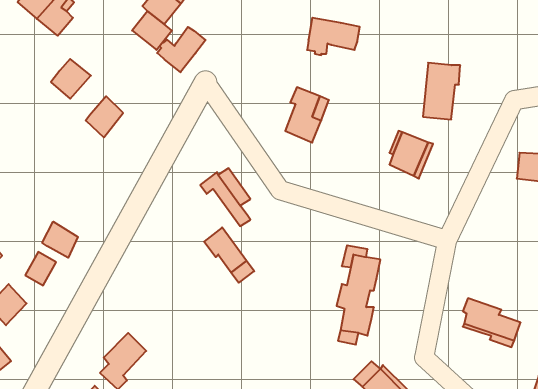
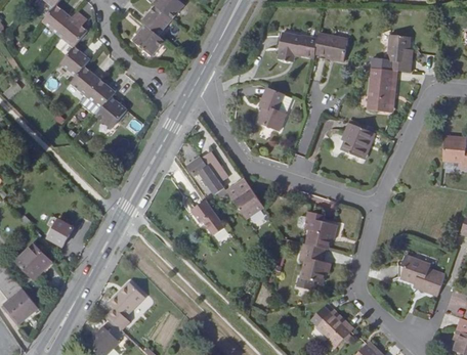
building: none -> [313,34,346,59]
building: none -> [384,35,410,73]
building: [157,27,206,72] -> none
building: none -> [62,47,89,75]
building: none -> [85,79,117,110]
building: none -> [226,179,264,219]
building: [42,222,78,258] -> none

